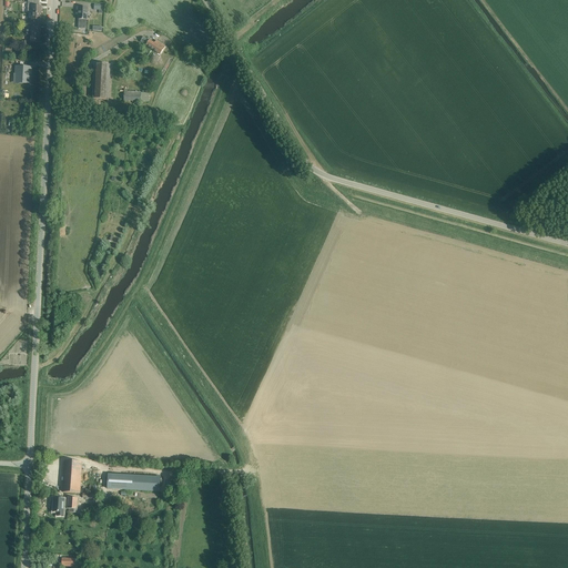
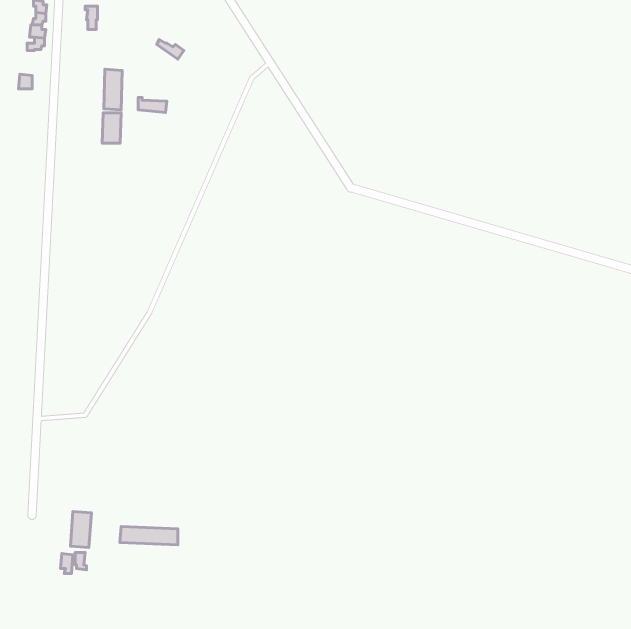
building: none -> [102,113,121,143]

